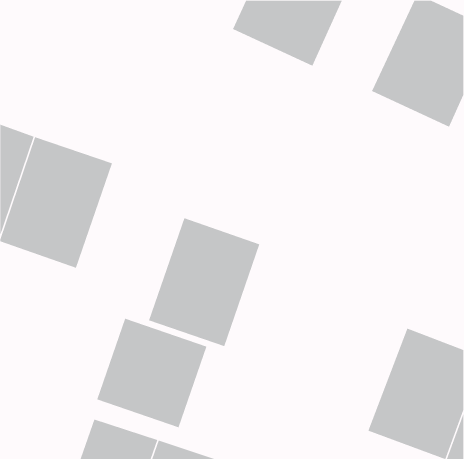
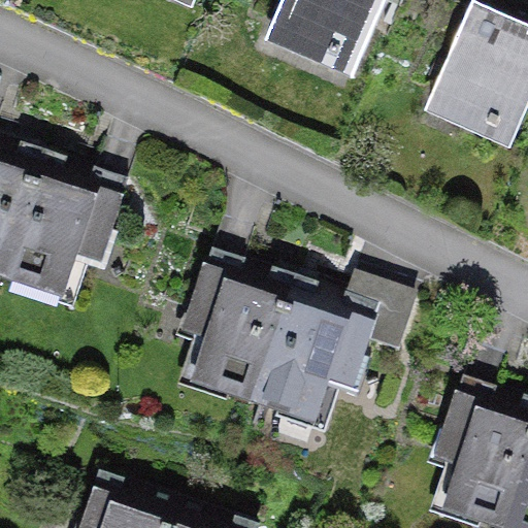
building: none -> [255,284,390,432]
building: [97,318,207,428] -> none

